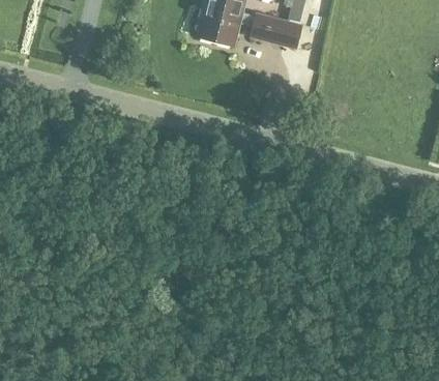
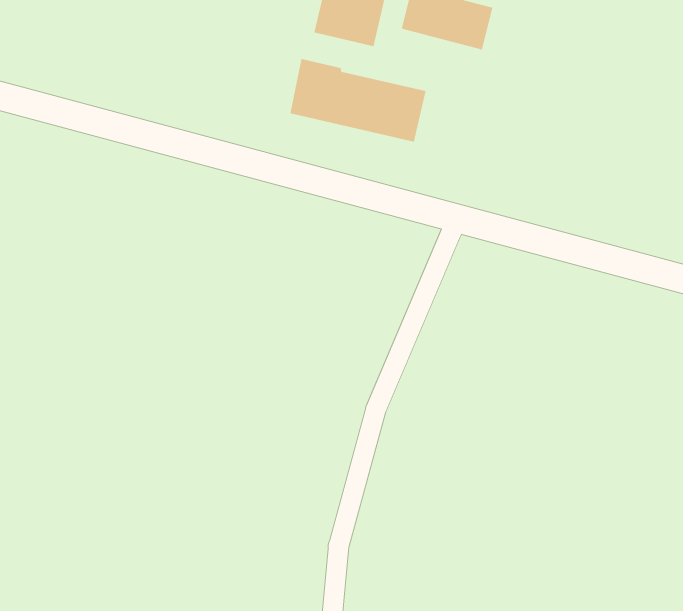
building: none -> [290,58,426,143]

